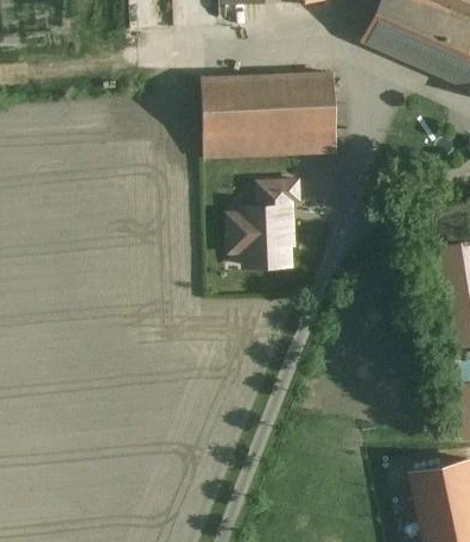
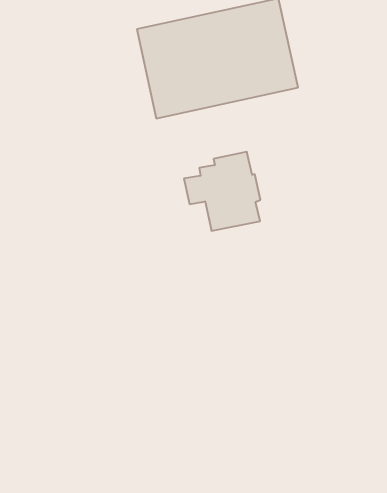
building: [248,183,291,204] -> none

